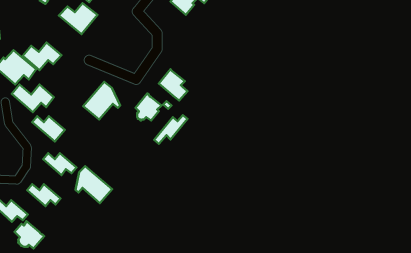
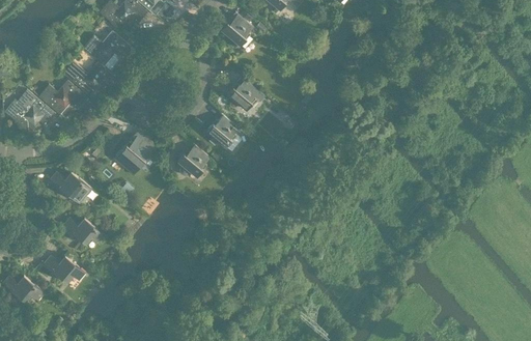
building: none -> [226,76,266,110]
building: [12,84,54,112] -> [63,61,115,95]
building: [154,115,188,144] -> none
building: [76,166,112,203] -> none
building: [15,221,44,248] -> none

